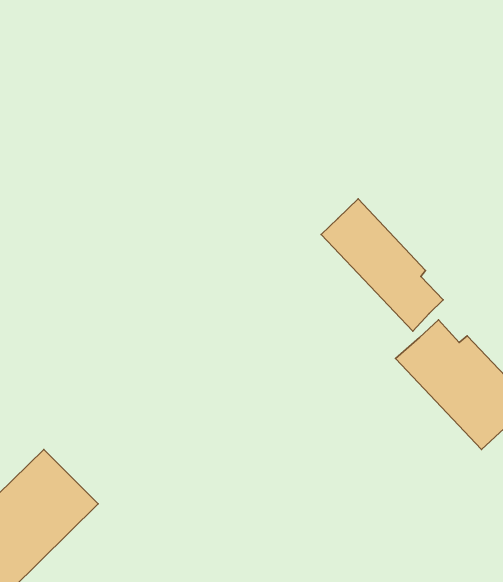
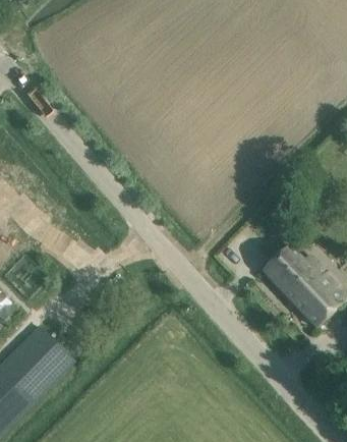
building: [321,199,443,331] -> none

